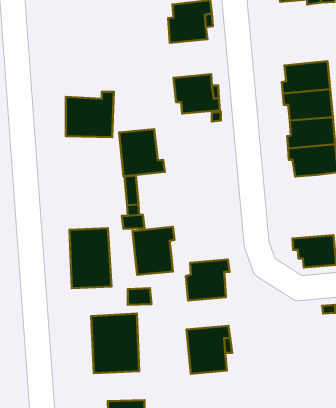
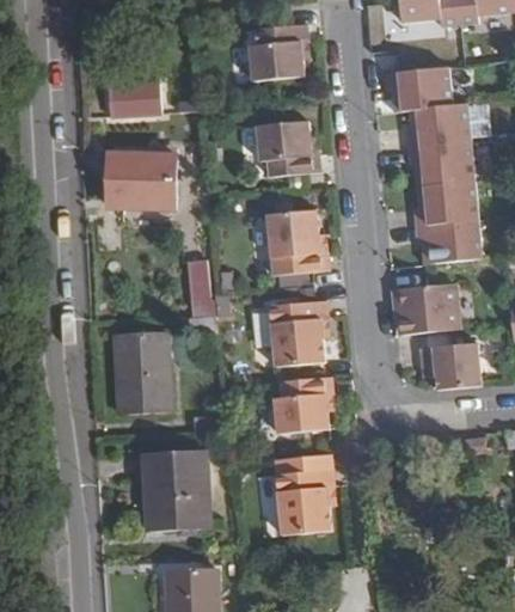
building: none -> [386,67,453,111]
building: none -> [111,87,158,118]
building: [119,129,165,176] -> [266,210,329,275]
building: none -> [391,281,459,331]
building: [133,227,175,275] -> [268,300,325,366]

